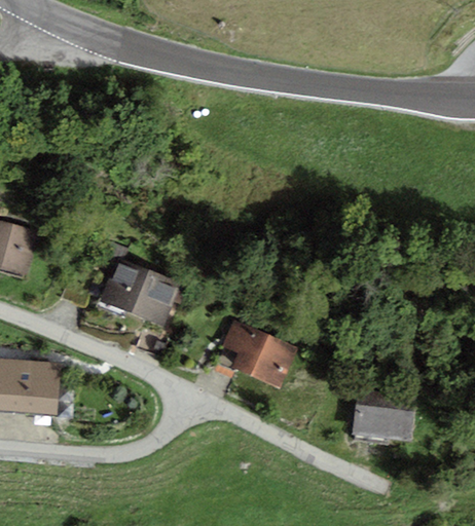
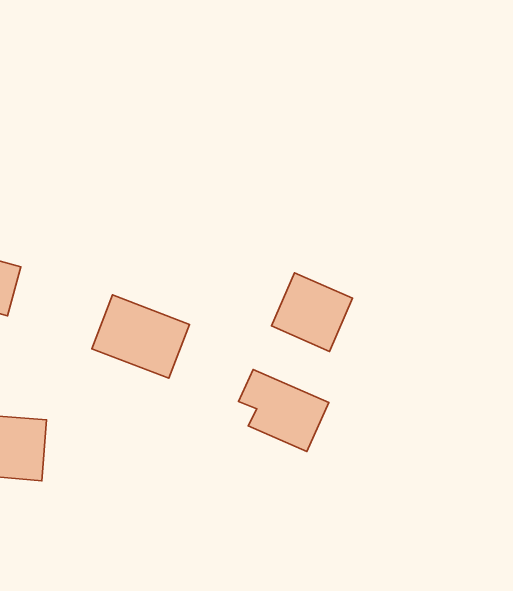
building: none -> [271,273,353,351]
building: [351,396,416,443] -> none

